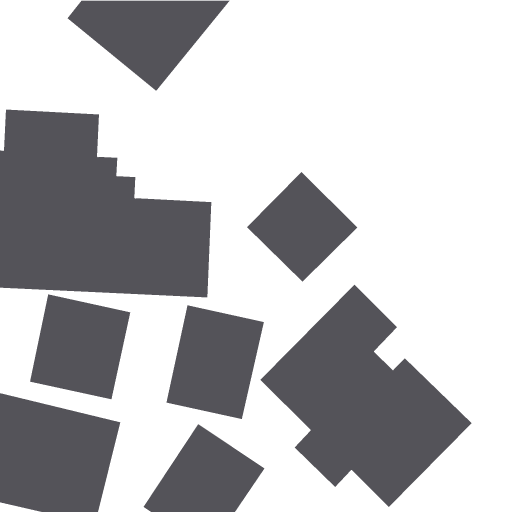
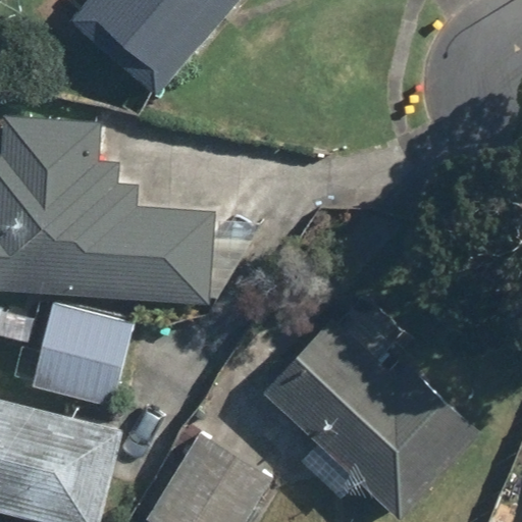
building: [246,171,358,283] -> none
building: [166,305,264,420] -> none

